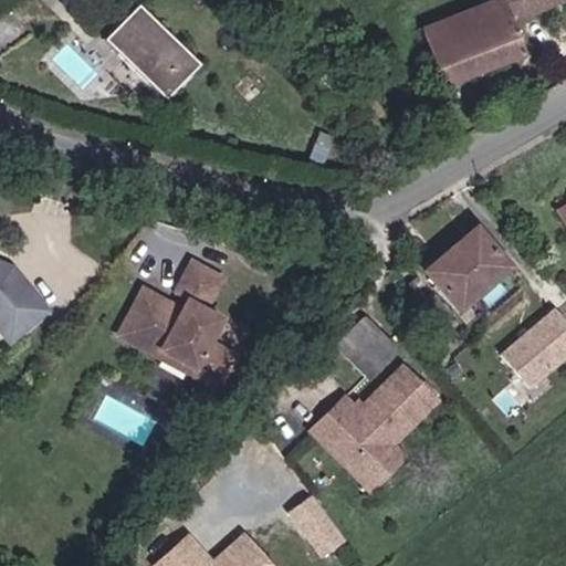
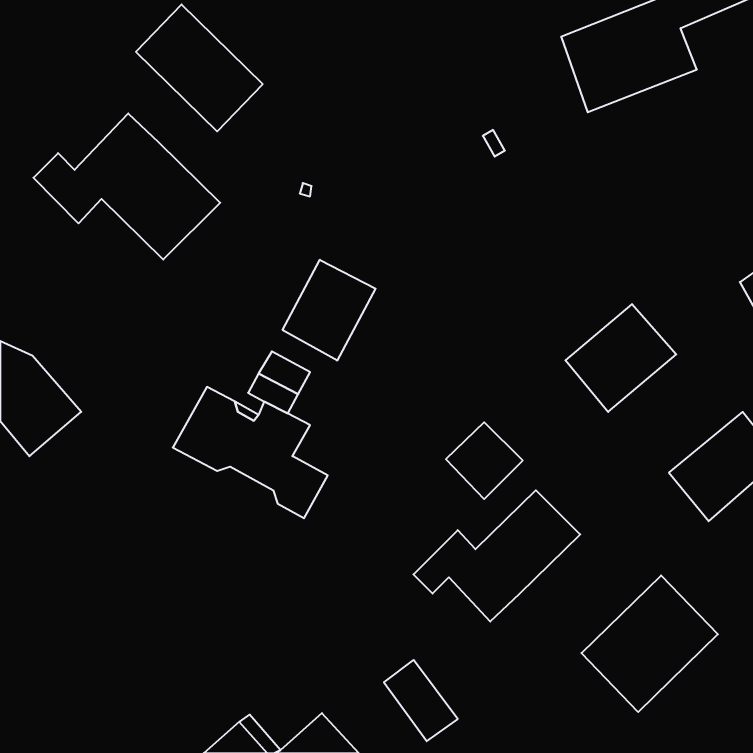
building: none -> [33,113,220,260]
building: none -> [283,260,376,361]
building: none -> [581,575,718,712]
building: [325,432,401,489] -> none

